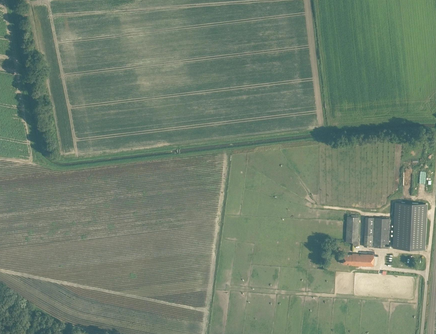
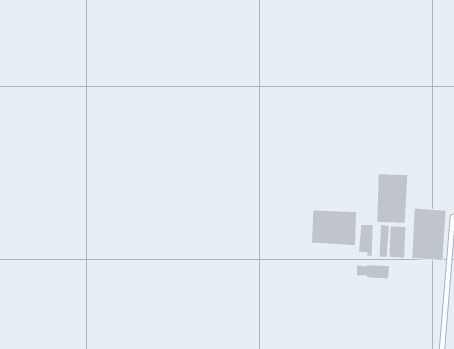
building: none -> [377,173,408,223]
building: none -> [312,210,357,246]

